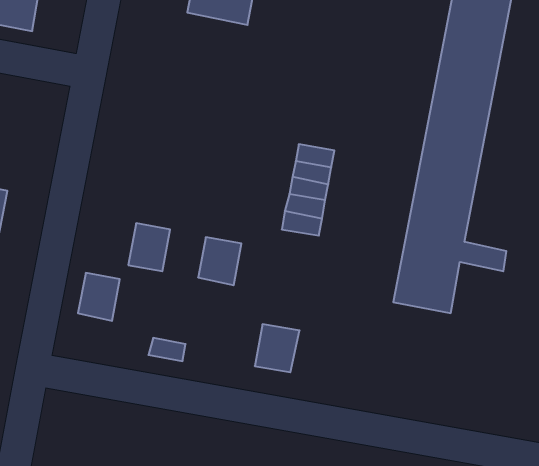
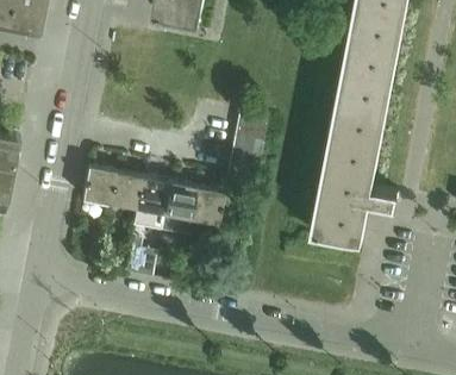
building: none -> [135,182,168,219]
building: [78,273,120,321] -> [82,173,114,210]
building: [255,324,300,372] -> [189,193,224,230]

